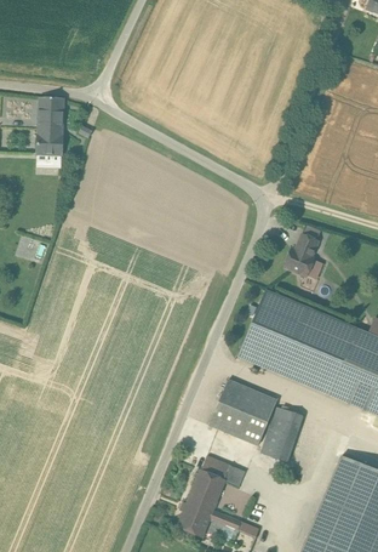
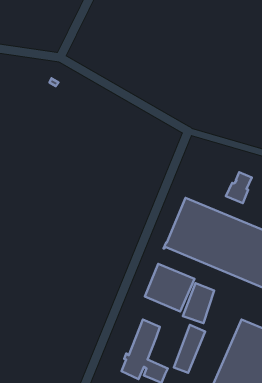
building: [36,97,64,153] -> none
building: [283,233,319,275] -> [226,172,252,203]
building: none -> [174,325,205,373]

